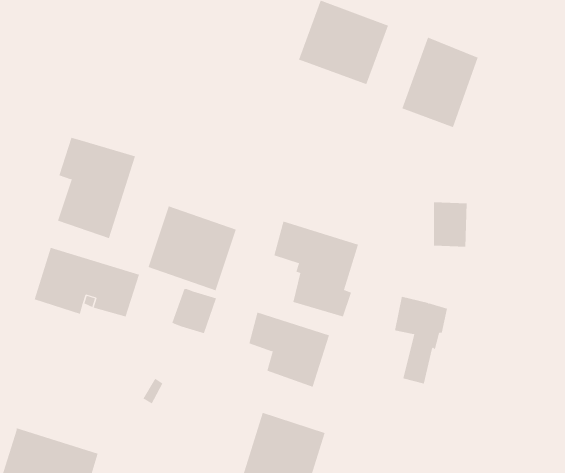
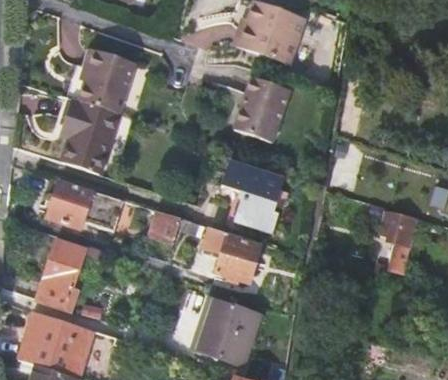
building: [401,37,478,128] -> [233,74,289,140]
building: none -> [70,51,137,114]
building: [148,206,237,291] -> none
building: [394,296,448,384] -> [381,211,420,275]
building: none -> [37,241,110,311]

